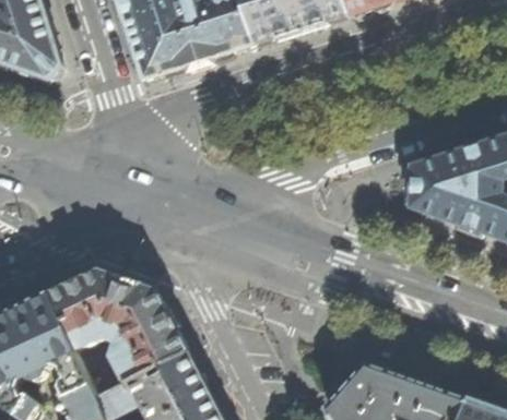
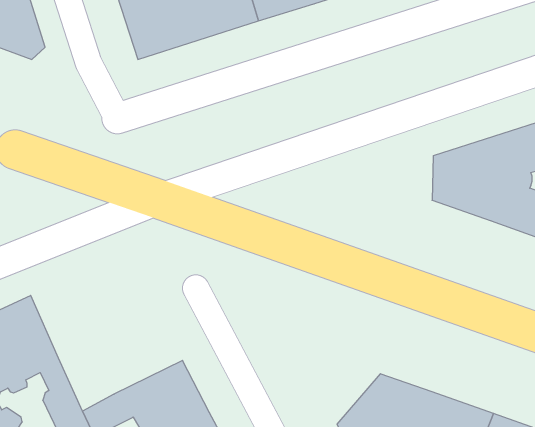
building: [47,269,185,382] -> none

